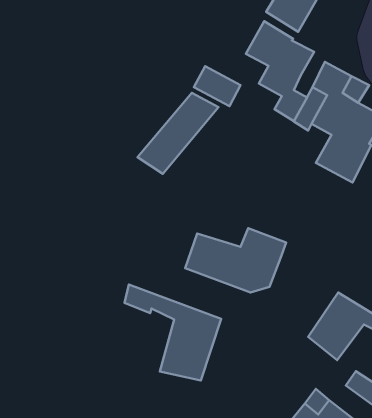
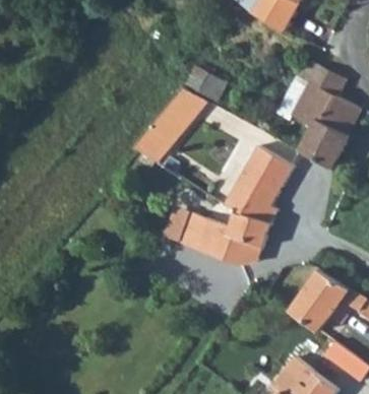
building: [246,21,314,121] -> none
building: none -> [224,146,294,224]
building: [125,284,221,381] -> none

